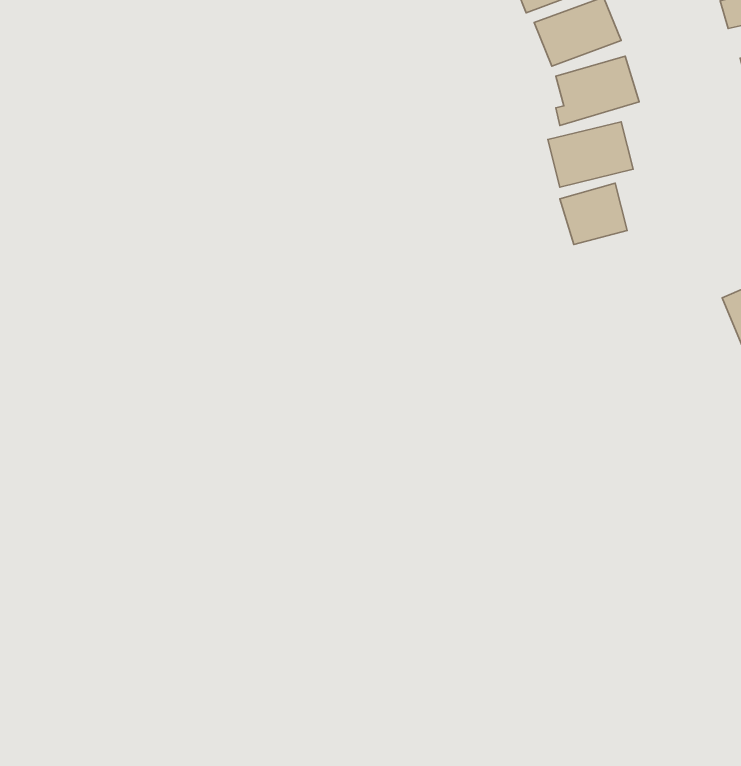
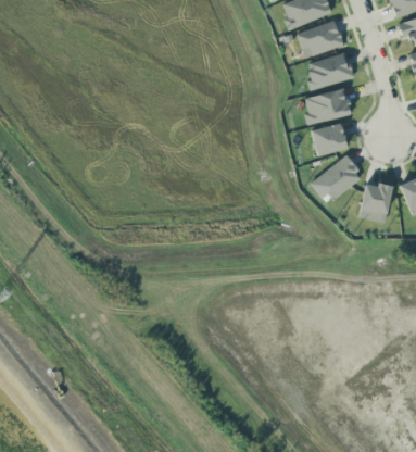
building: none -> [313,155,363,203]
building: none -> [360,181,394,223]

